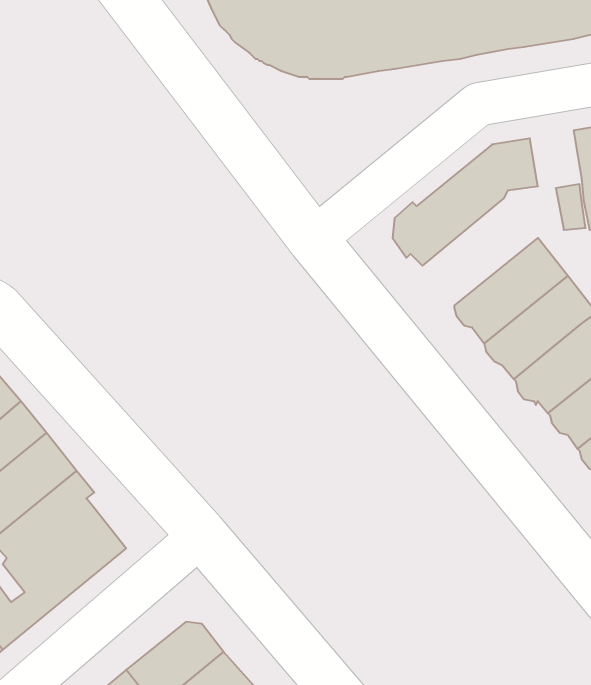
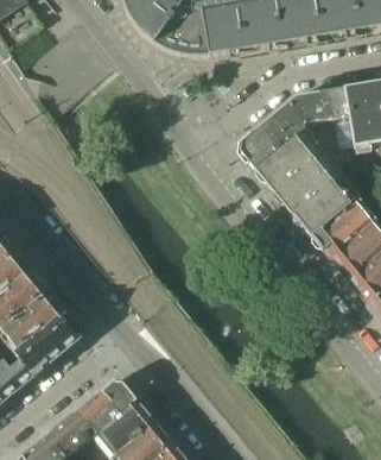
building: none -> [318,87,349,120]
building: none -> [254,127,323,191]

